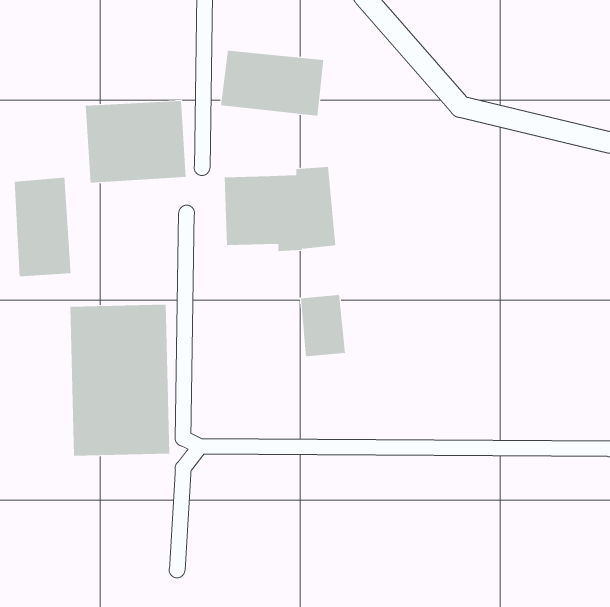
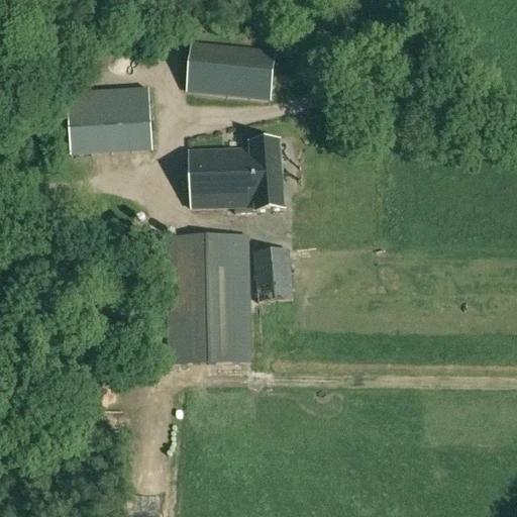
building: [14,177,71,277] -> none
building: [70,304,170,456] -> [165,234,249,363]

